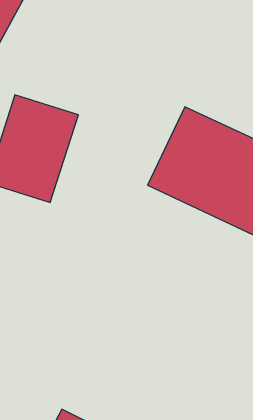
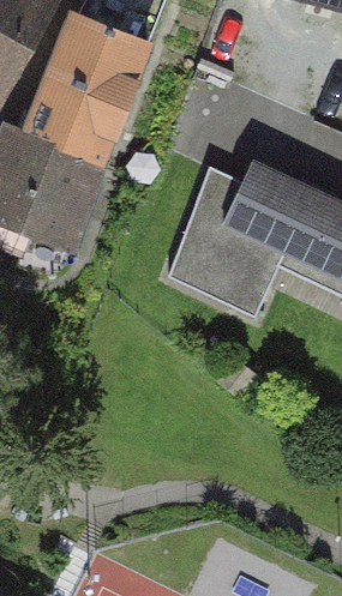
building: none -> [26,20,148,163]

